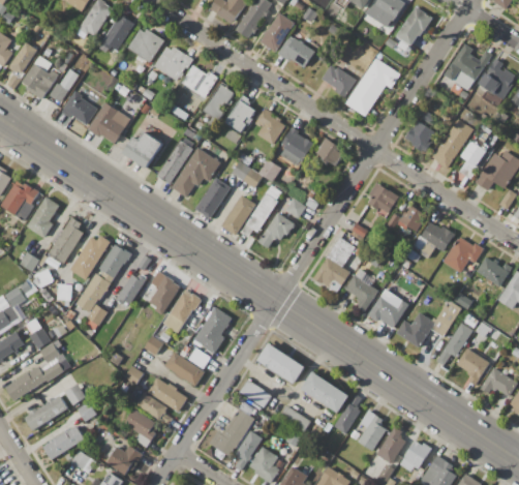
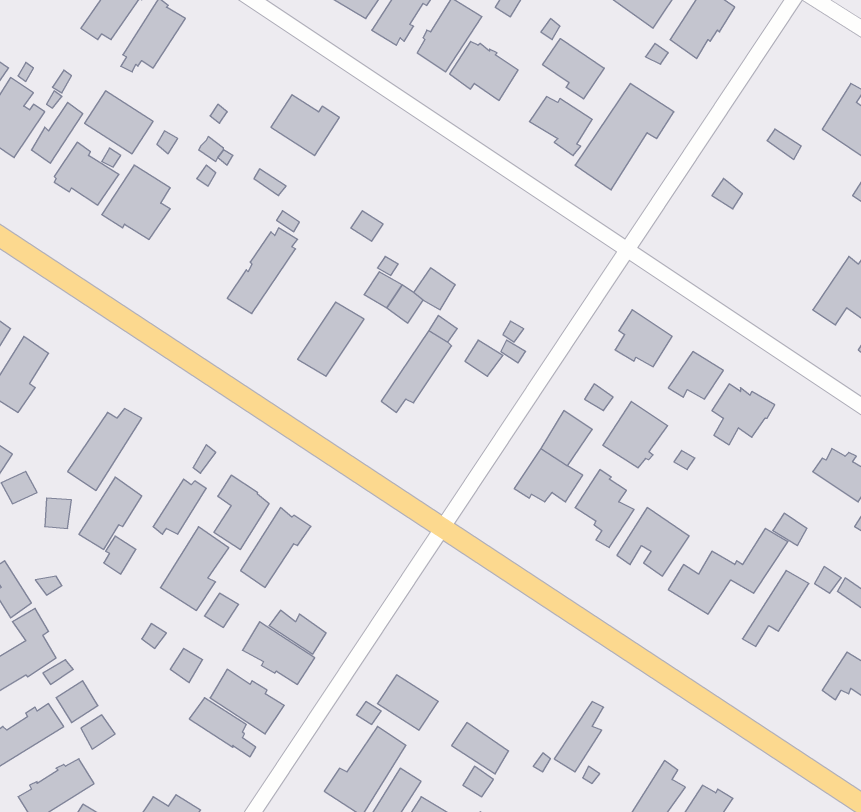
building: [126,29,163,63] -> none
building: none -> [543,39,604,99]
building: [445,43,491,90] -> none
building: [153,47,192,81] -> none
building: [203,84,234,121] -> none
building: [225,95,254,132] -> none
building: [254,109,285,145] -> none
building: [433,120,471,168] -> none
building: [404,121,434,152] -> none
building: [280,126,313,165] -> none
building: [122,131,161,169] -> none
building: [459,132,489,178] -> none
building: [315,138,345,165] -> none
building: [171,148,220,198] -> none
building: [221,195,255,235] -> none
building: [258,213,295,248] -> none
building: [48,217,83,264] -> none
building: none -> [603,401,668,468]
building: [444,237,483,273] -> none
building: [99,245,131,278] -> none
building: [193,307,231,353] -> [160,527,229,610]
building: [258,343,304,383] -> none
building: [456,347,489,385] -> none
building: [302,372,348,413] -> none
building: [124,408,155,446] -> none
building: [357,411,386,451] -> none

